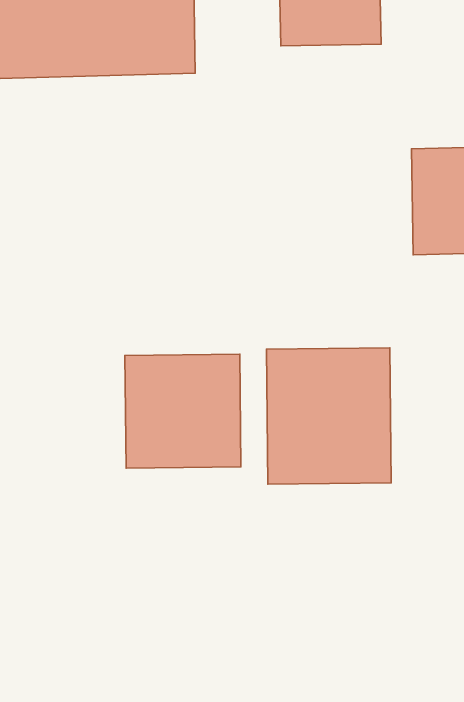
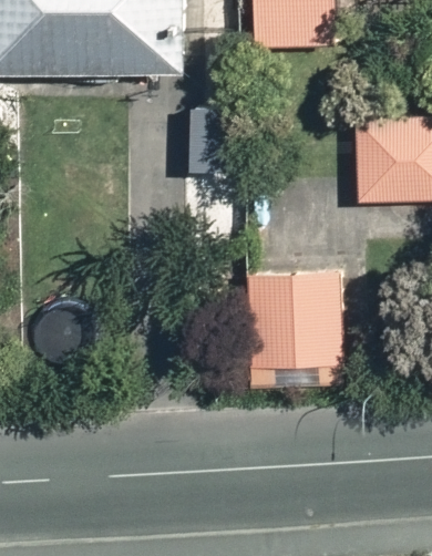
building: [125,354,241,468] -> none

